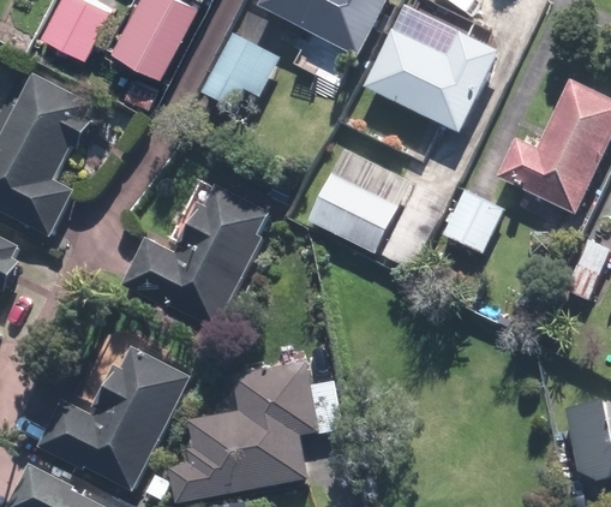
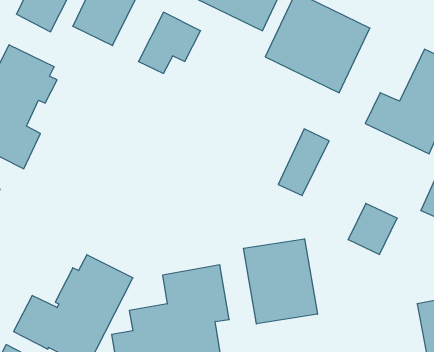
building: [307,149,408,253] -> none
building: [120,185,270,329] -> none
building: [441,189,504,255] -> [348,203,397,254]
building: none -> [243,239,317,324]

